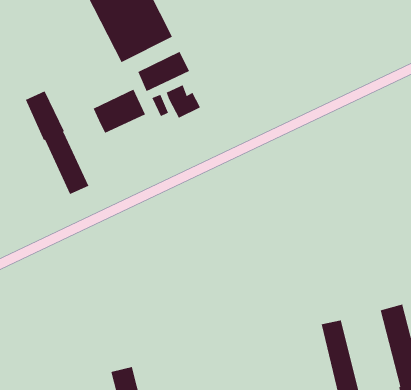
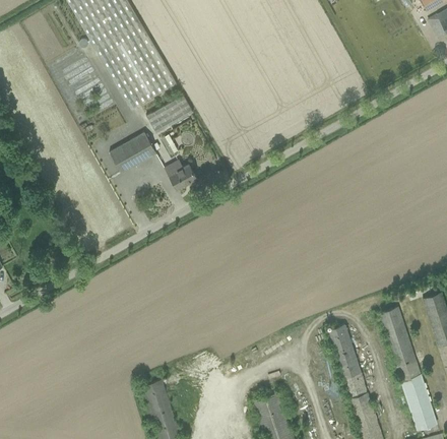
building: [166,85,201,118] -> [164,158,196,188]
building: [25,90,89,195] -> none

